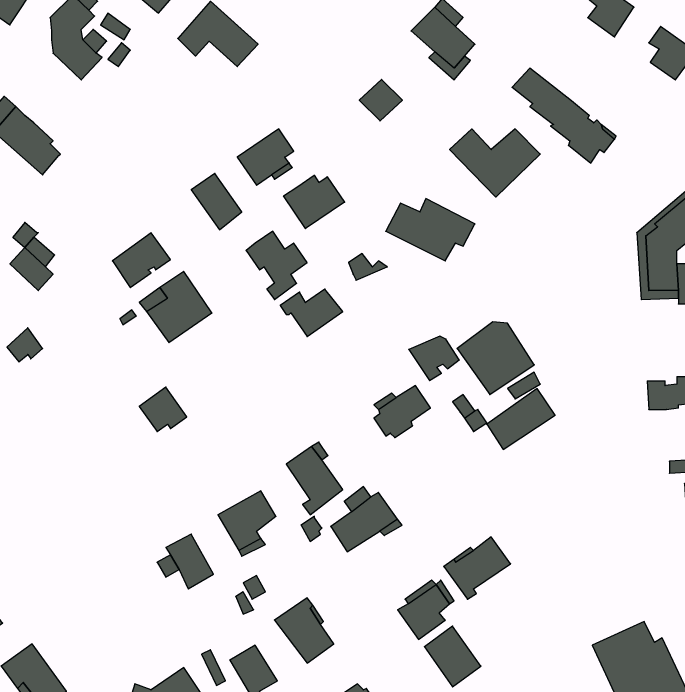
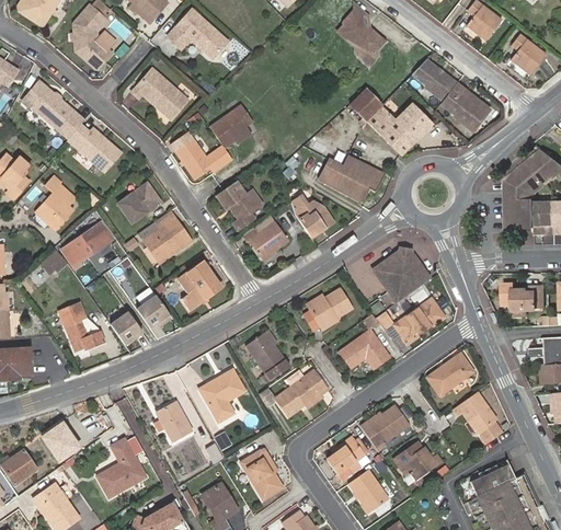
building: [359,79,402,121] -> [351,89,382,119]
building: none -> [129,68,185,117]
building: none -> [65,124,119,171]
building: [284,175,345,229] -> none
building: none -> [60,222,113,269]
building: [409,336,459,381] -> [297,206,334,239]
building: none -> [178,263,221,309]
building: none -> [60,303,105,350]
building: none -> [111,311,142,344]
building: none -> [336,327,385,365]
building: none -> [431,356,478,400]
building: none -> [457,392,506,445]
building: none -> [43,425,77,459]
building: none -> [93,440,146,499]
building: none -> [394,443,440,483]

